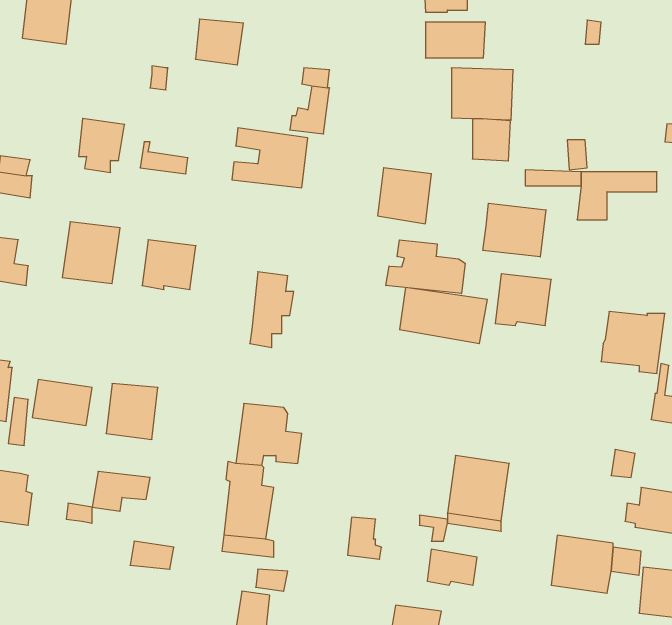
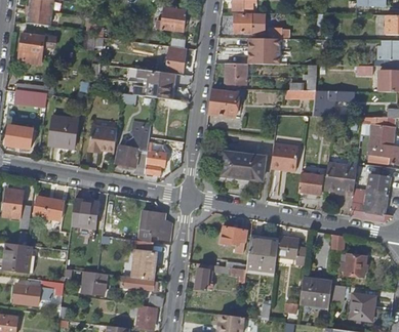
building: [195,19,243,65] -> [161,6,186,30]
building: [79,118,125,172] -> [21,33,44,60]
building: [472,119,510,161] -> [225,61,244,83]
building: [483,203,546,257] -> none
building: none -> [116,121,151,171]
building: [386,240,465,294] -> none
building: none -> [300,172,327,194]
building: none -> [276,234,306,263]
building: [92,471,150,511] -> [23,285,52,305]
building: [427,549,477,585] -> [221,224,246,243]

